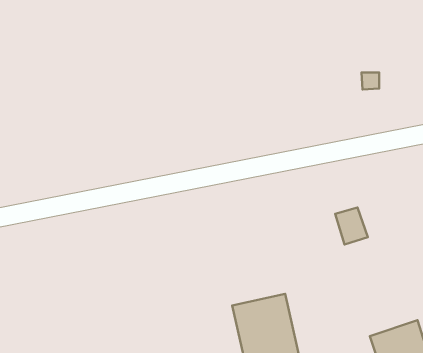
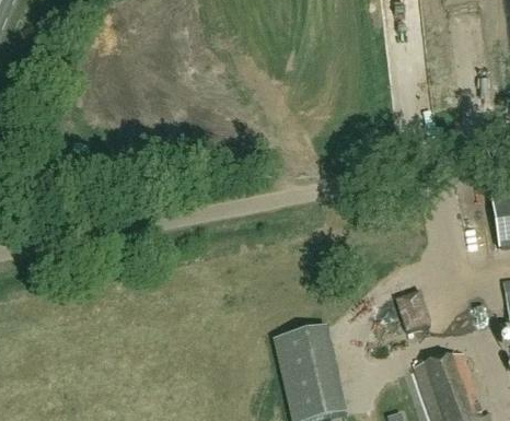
building: [335,208,368,245] -> [396,293,430,331]

